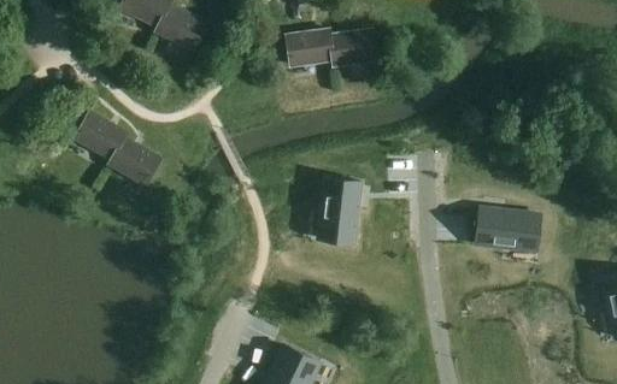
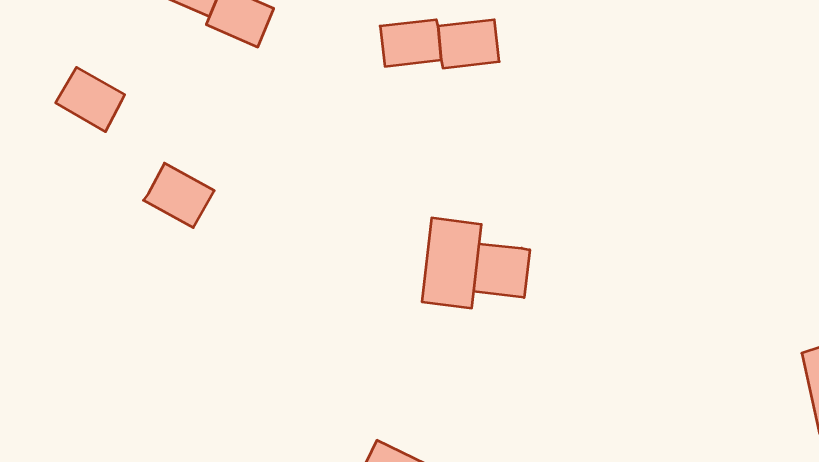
building: [75,112,127,160] -> [56,67,125,132]
building: none -> [474,244,530,298]
building: [475,208,541,252] -> none

